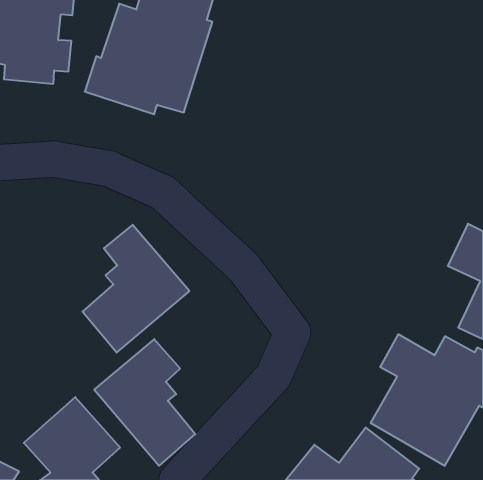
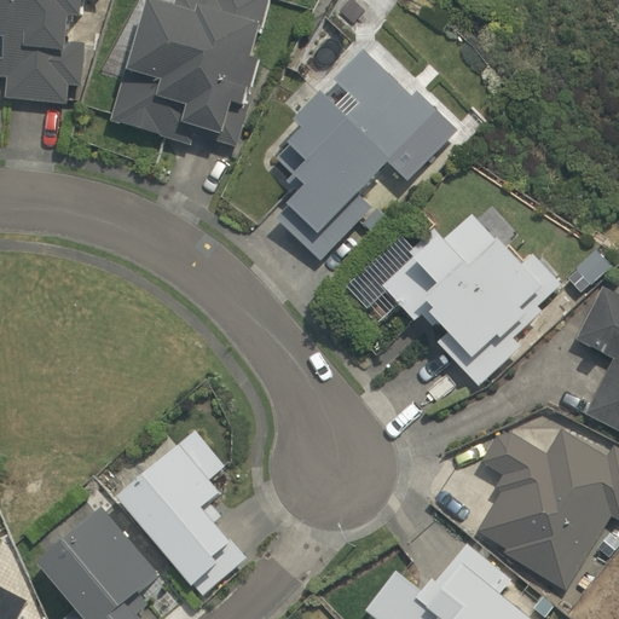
building: none -> [268,48,452,259]
building: none -> [381,207,563,387]
building: [83,225,189,353] -> none

